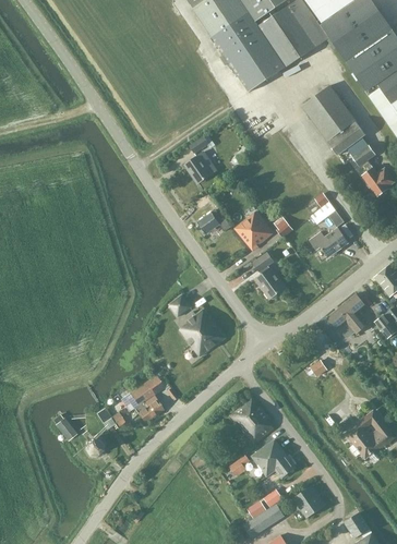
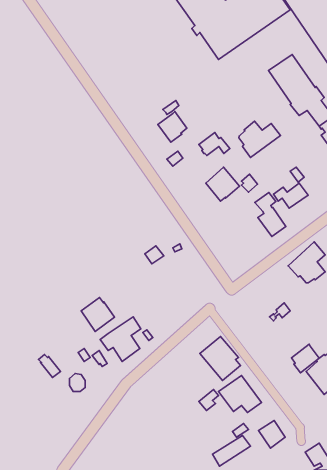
building: none -> [239,121,281,157]
building: [197,208,231,233] -> [199,133,230,156]
building: [251,252,285,300] -> [255,193,286,236]
building: [179,309,225,356] -> none
building: none -> [81,298,115,331]
building: none -> [292,344,319,373]

